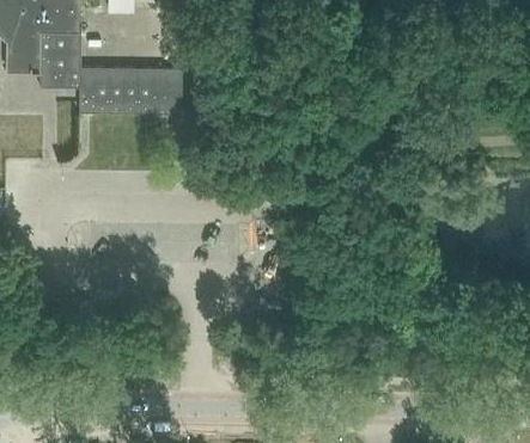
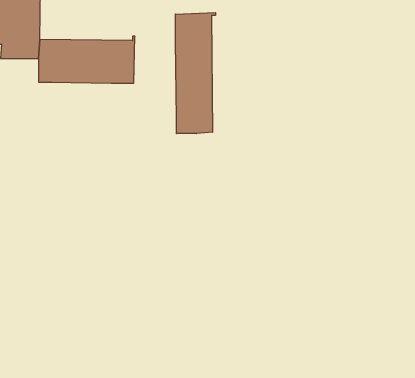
building: none -> [175,13,215,134]

